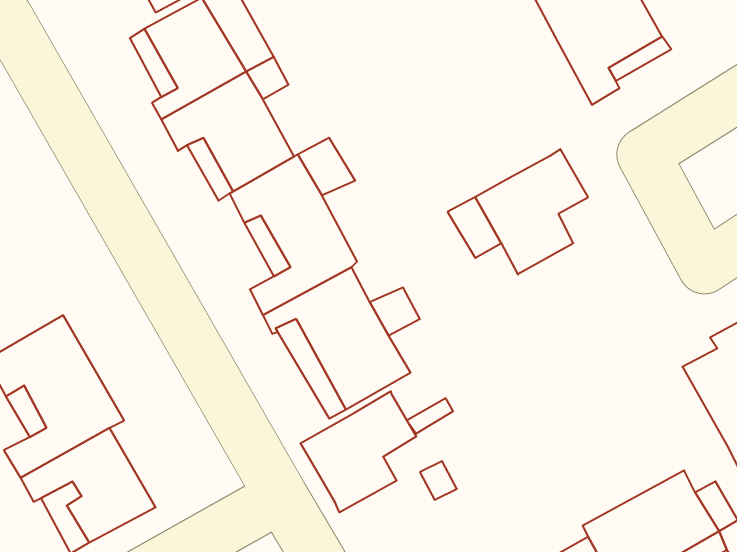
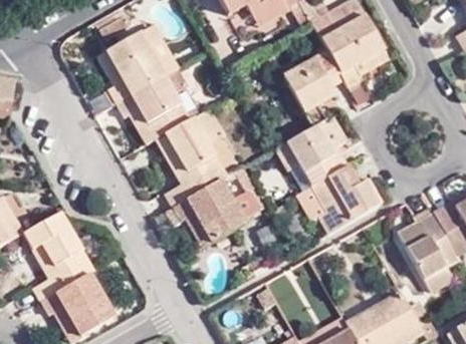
building: none -> [278,54,343,131]
building: none -> [311,163,377,224]
building: [301,391,416,512] -> none

